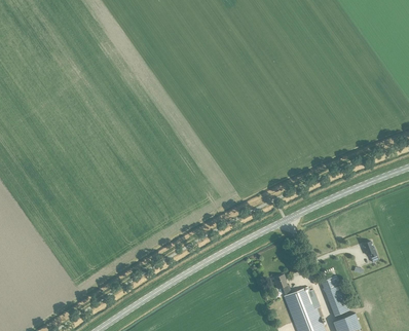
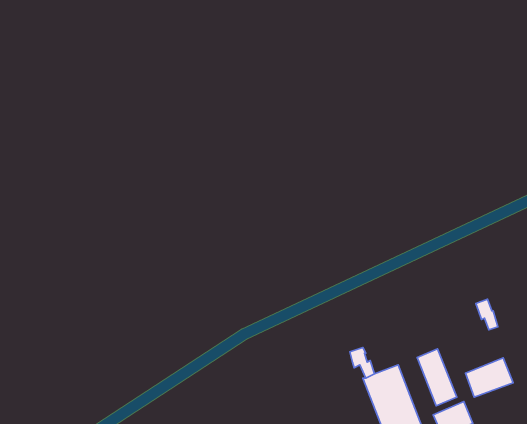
building: none -> [465,358,513,397]

